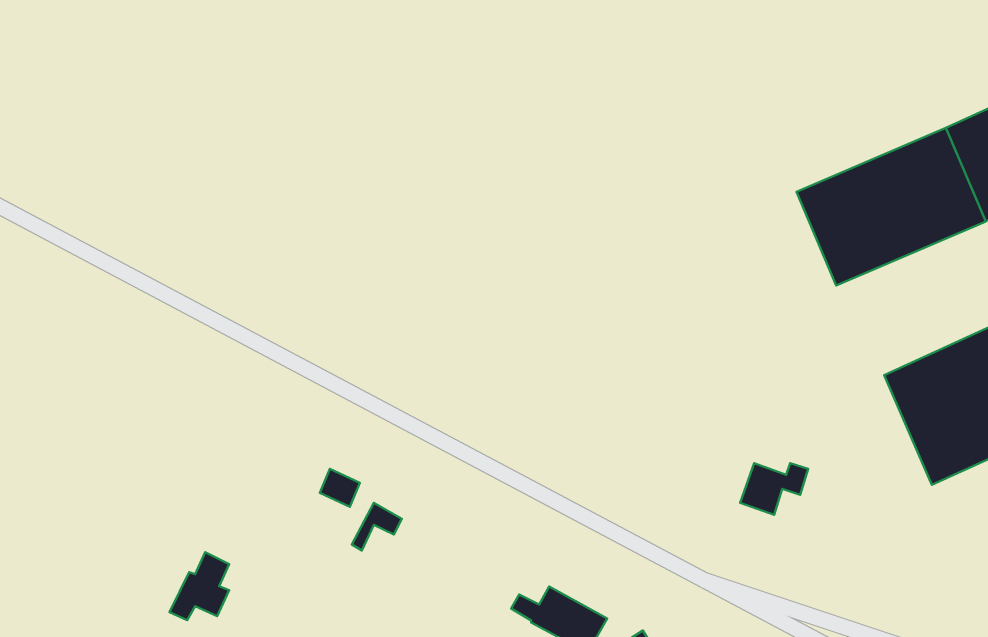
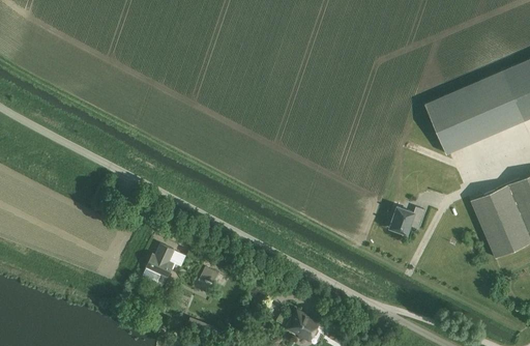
building: [740,463,808,515] -> [389,207,424,234]
building: [169,552,229,620] -> [142,243,173,279]

